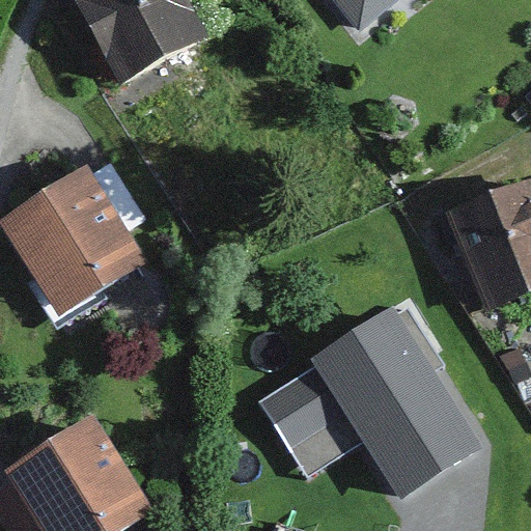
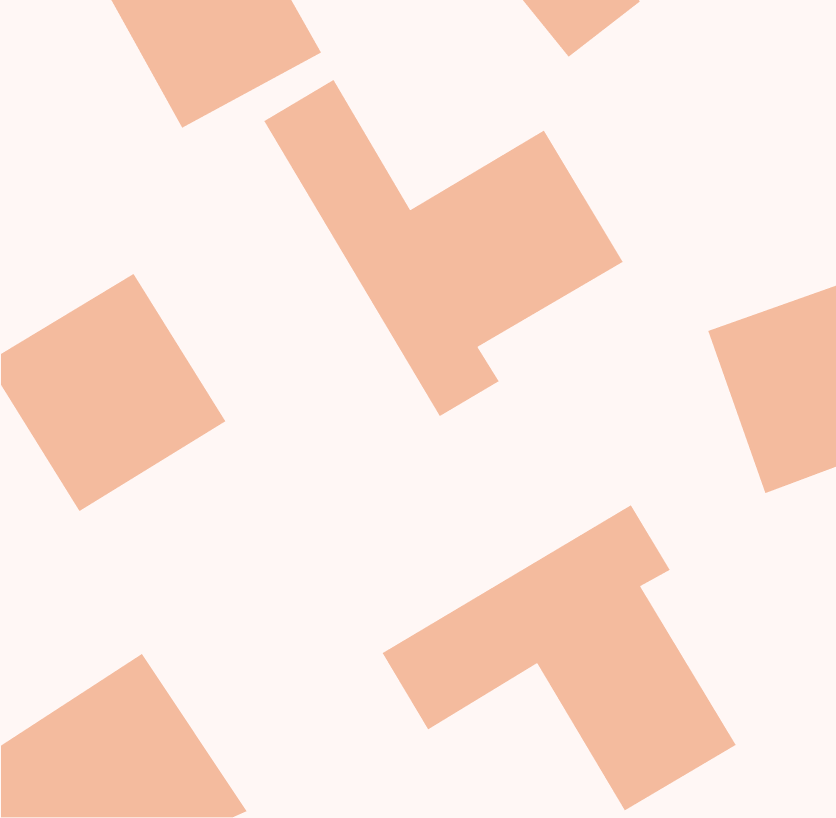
building: none -> [263,79,624,417]

